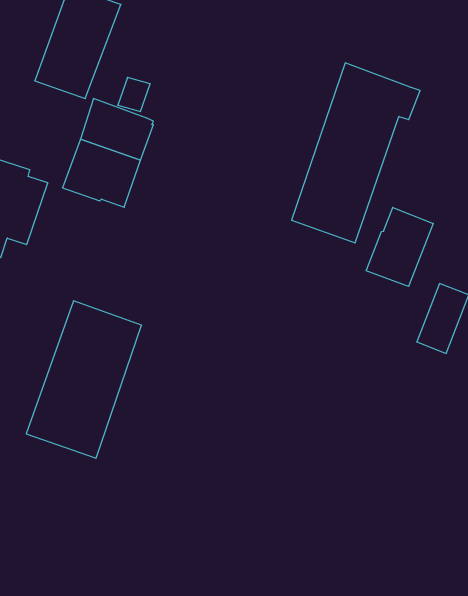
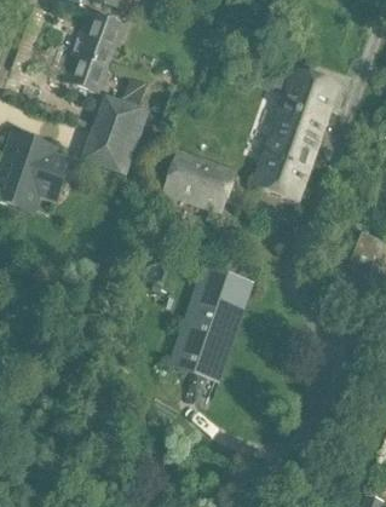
building: none -> [161,148,236,214]
building: [366,207,433,286] -> none
building: [26,301,142,458] -> [167,264,253,381]

